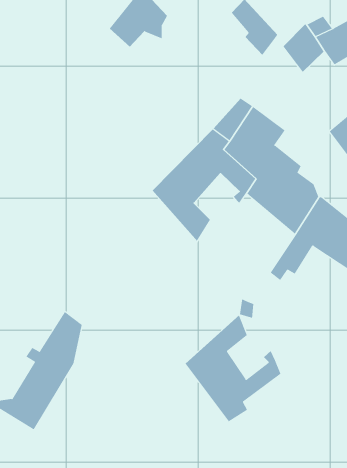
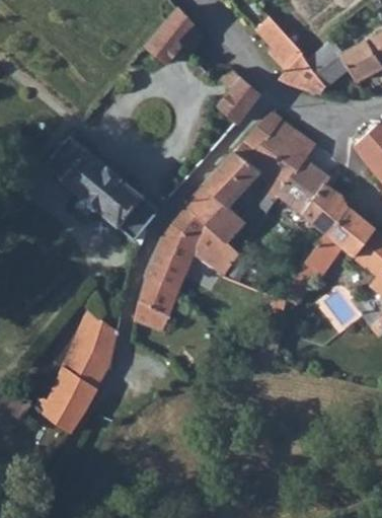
building: none -> [282,55,328,94]
building: none -> [215,69,258,122]
building: none -> [44,133,157,242]
building: none -> [133,201,236,329]
building: [185,314,281,422] -> none

